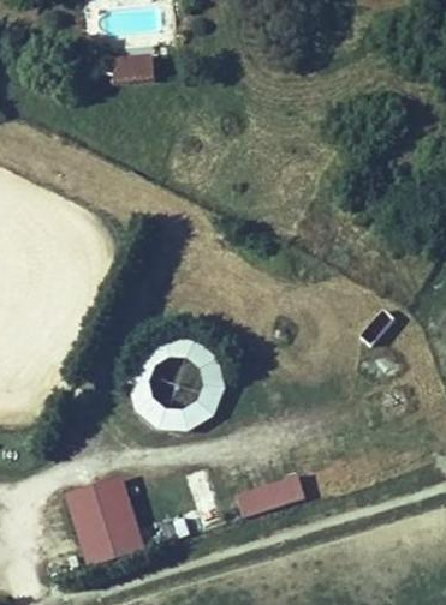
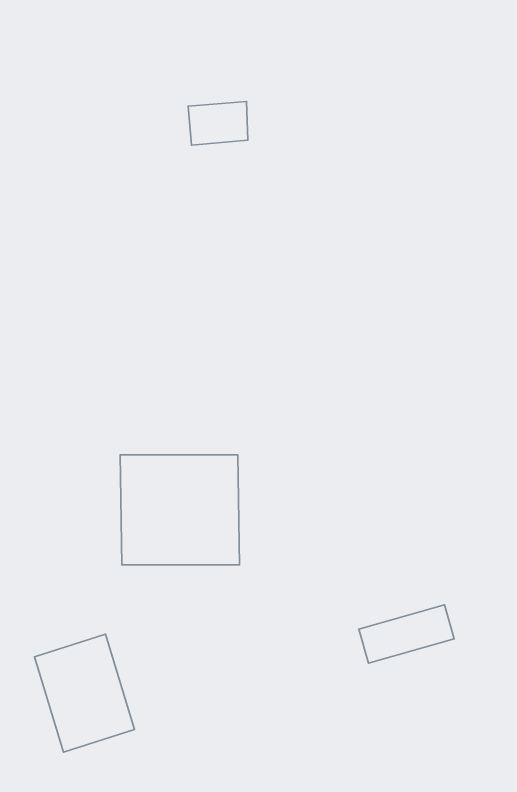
building: [111,53,155,85] -> [188,101,248,145]
building: [233,475,304,519] -> [359,605,454,663]

